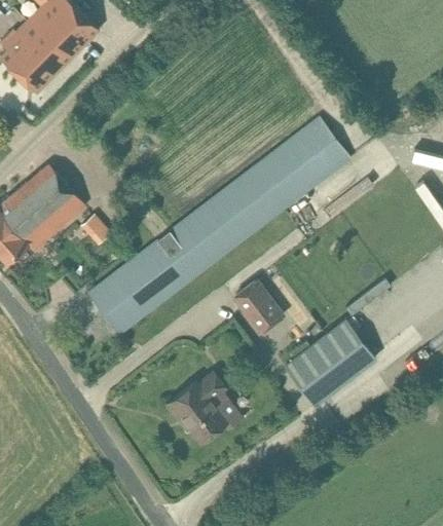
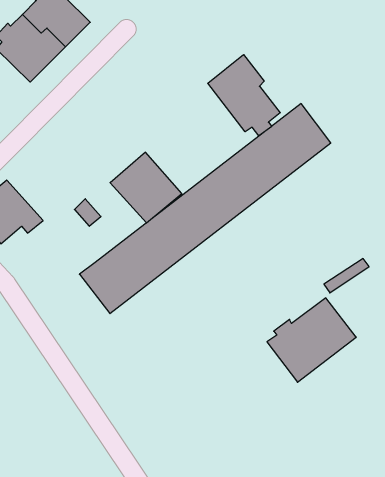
building: none -> [208,55,280,136]
building: [10,163,85,237] -> [110,152,182,223]
building: [235,280,281,333] -> none
building: [165,374,244,441] -> none

